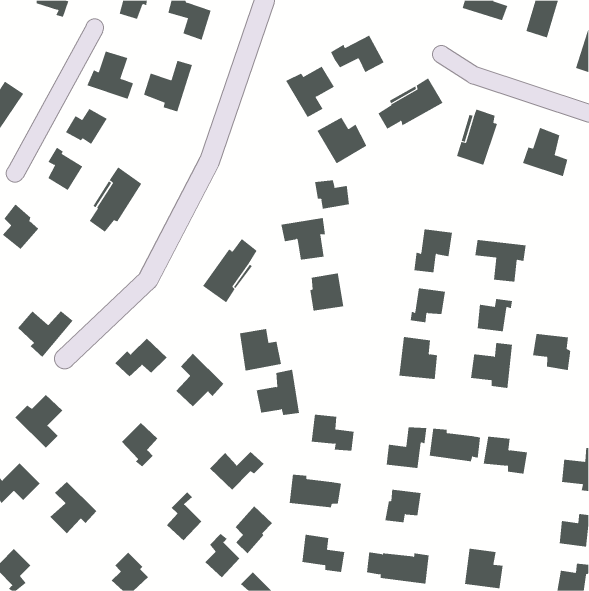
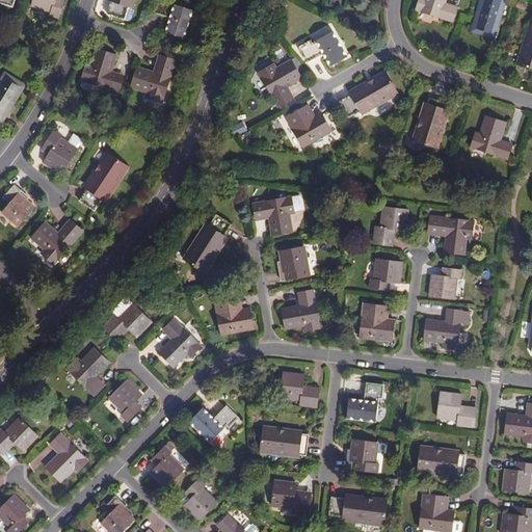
building: [65,108,108,145] -> none
building: [315,179,350,210] -> none
building: [17,310,74,358] -> [31,219,82,262]
building: [532,333,571,371] -> none
building: [256,369,300,415] -> [281,288,320,329]
building: [15,394,63,449] -> [64,347,108,396]
building: [429,428,481,462] -> [417,445,463,475]
building: [235,505,273,554] -> none

